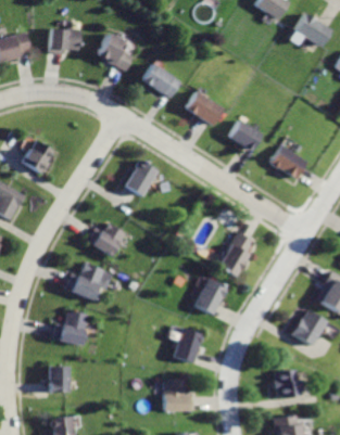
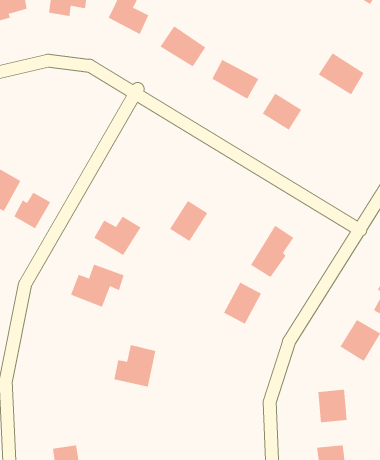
building: [23,141,54,172] -> [14,192,51,229]
building: [270,144,310,180] -> [318,52,364,95]
building: [125,161,158,195] -> [169,200,208,242]
building: [54,310,90,346] -> [113,344,156,387]
building: [178,330,205,362] -> none
building: [51,367,71,393] -> none
building: [166,380,196,410] -> none

